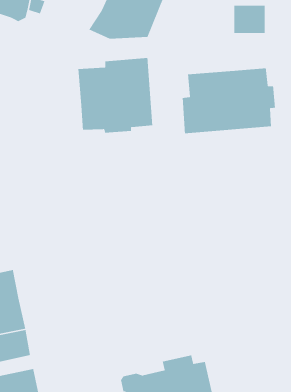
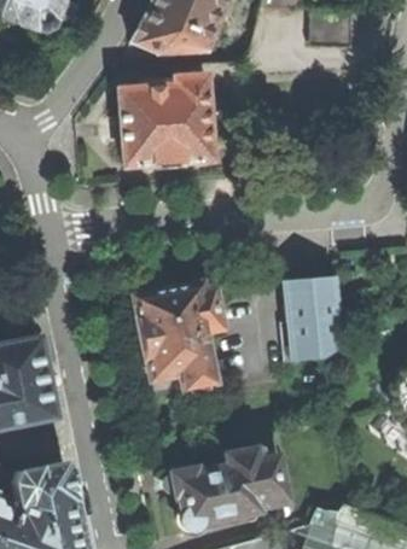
building: [182,68,276,134] -> none
building: none -> [283,275,343,363]
building: none -> [134,282,225,391]

